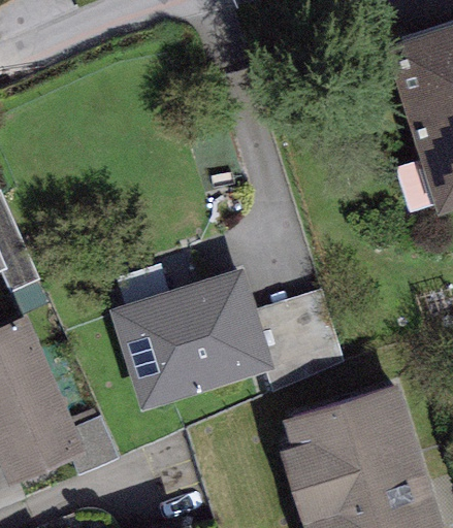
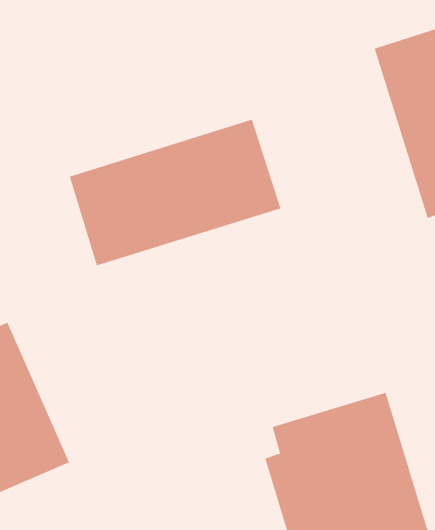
building: none -> [69,119,281,266]
building: [109,270,273,410] -> none

